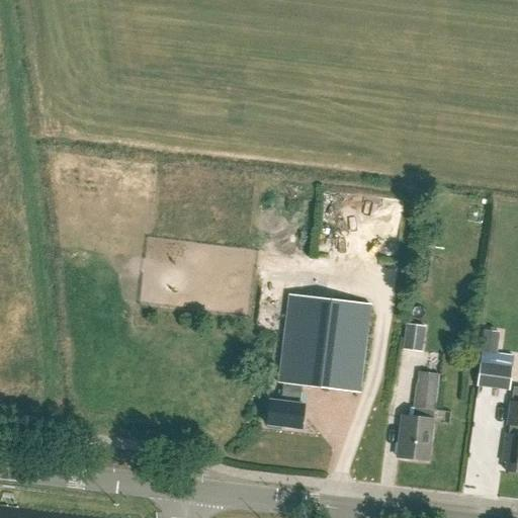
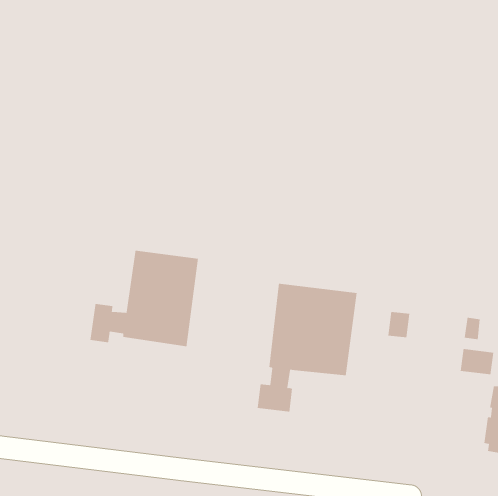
building: none -> [90,250,199,347]
building: [398,381,437,457] -> none

